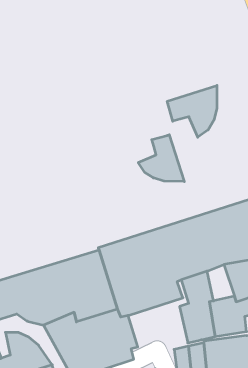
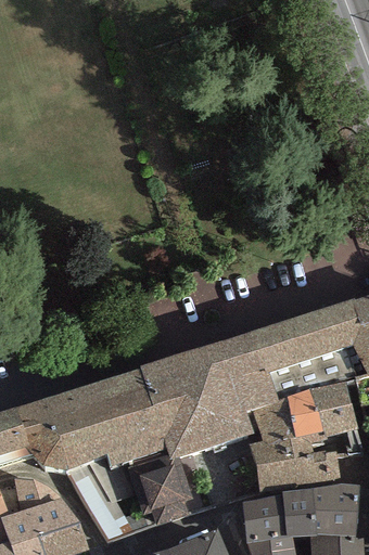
building: [167,85,217,137] -> none
building: [138,135,184,182] -> none
building: none -> [285,389,322,438]

